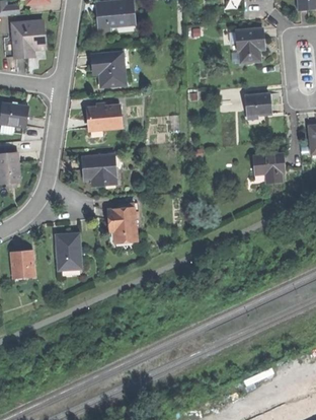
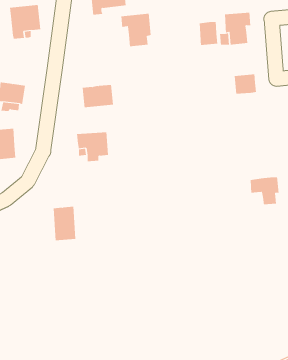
building: none -> [199,21,218,46]
building: [92,51,125,86] -> [120,13,151,47]
building: [253,154,285,184] -> [250,177,280,205]
building: [107,206,138,241] -> none
building: [13,250,33,280] -> none

